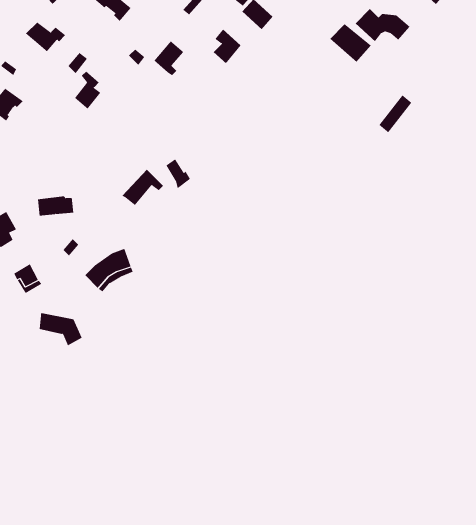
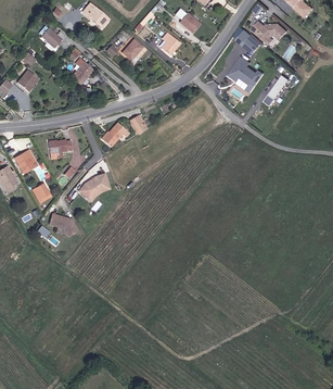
building: none -> [229,58,264,85]

